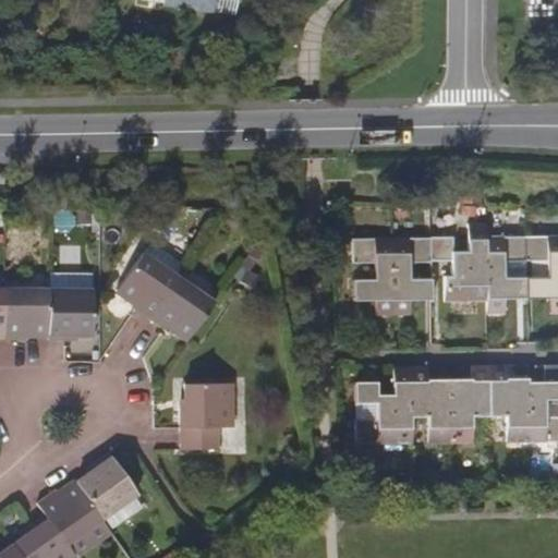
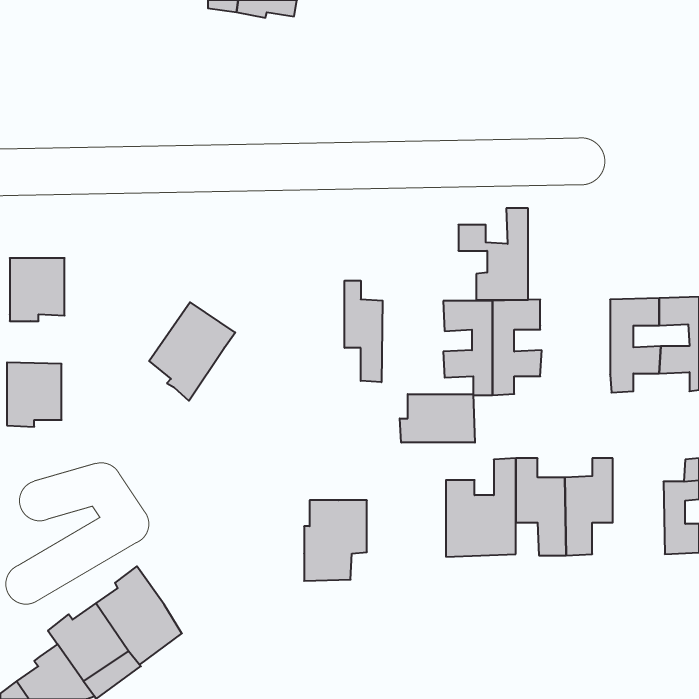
building: none -> [345,281,383,382]
building: [430,226,486,299] -> [458,208,528,300]
building: [150,277,215,339] -> none
building: [49,290,93,340] -> [10,258,65,321]
building: none -> [400,394,475,443]
building: [488,365,530,441] -> none
building: [181,385,231,449] -> [304,500,367,581]

